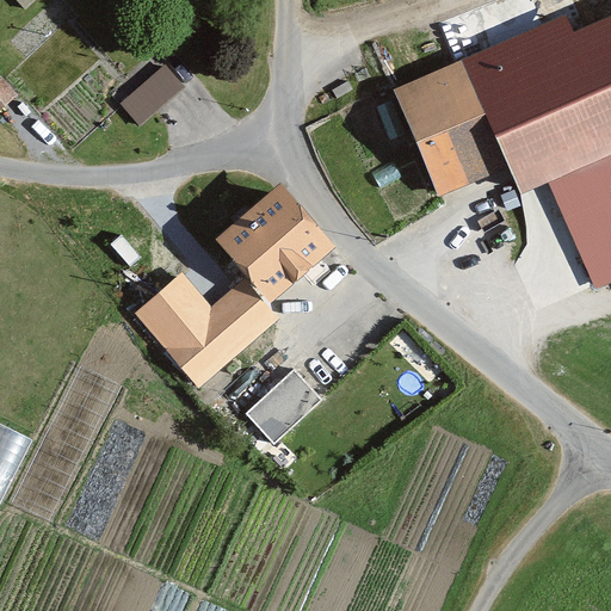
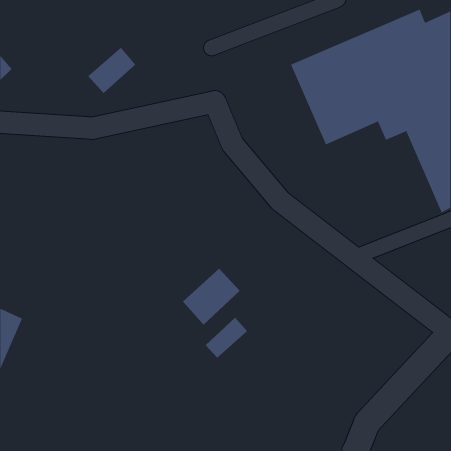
building: [141,192,334,391] -> none
building: none -> [205,317,248,358]

